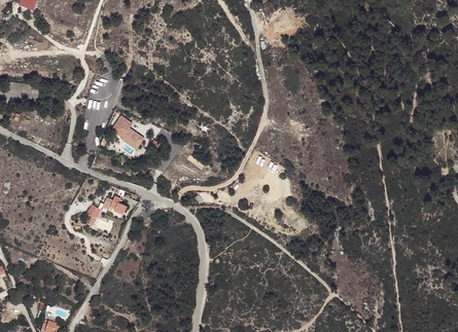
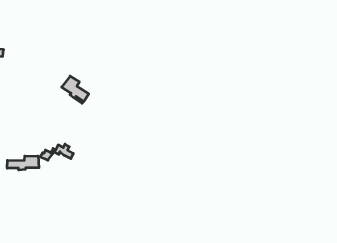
building: none -> [7,156,39,170]

